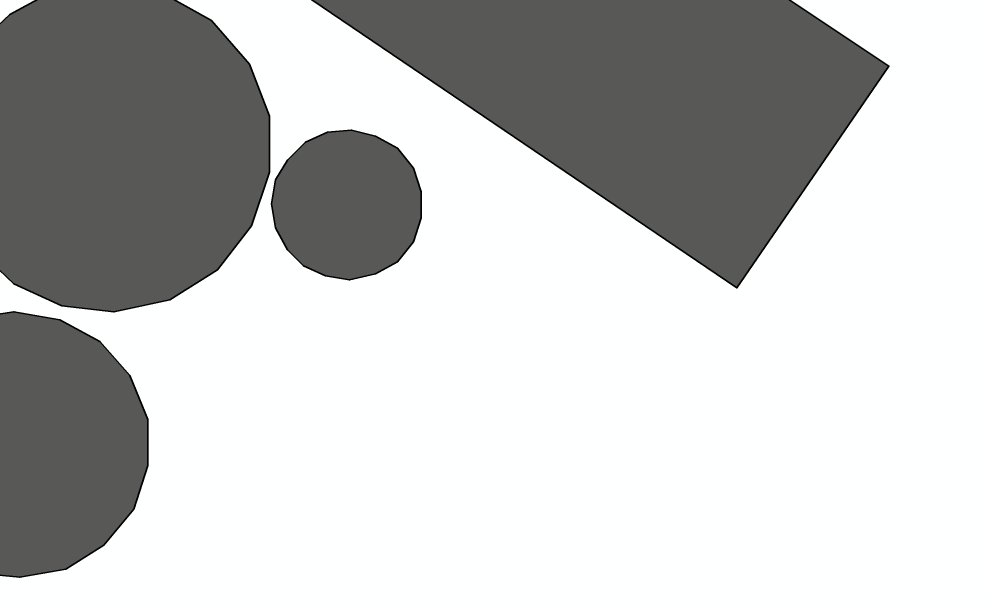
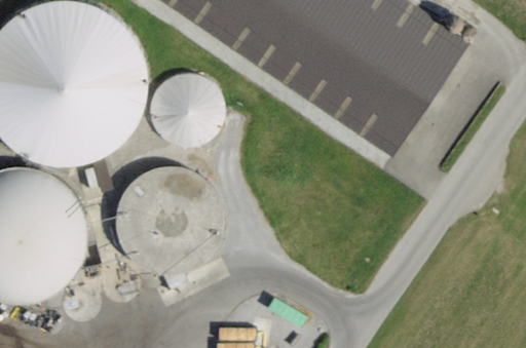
building: none -> [115,165,225,275]

